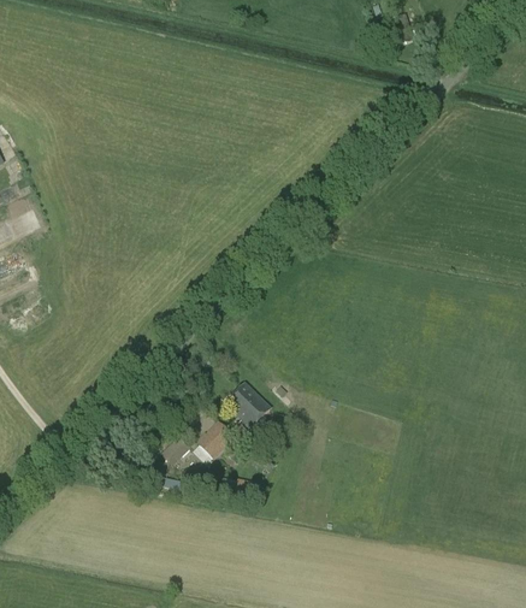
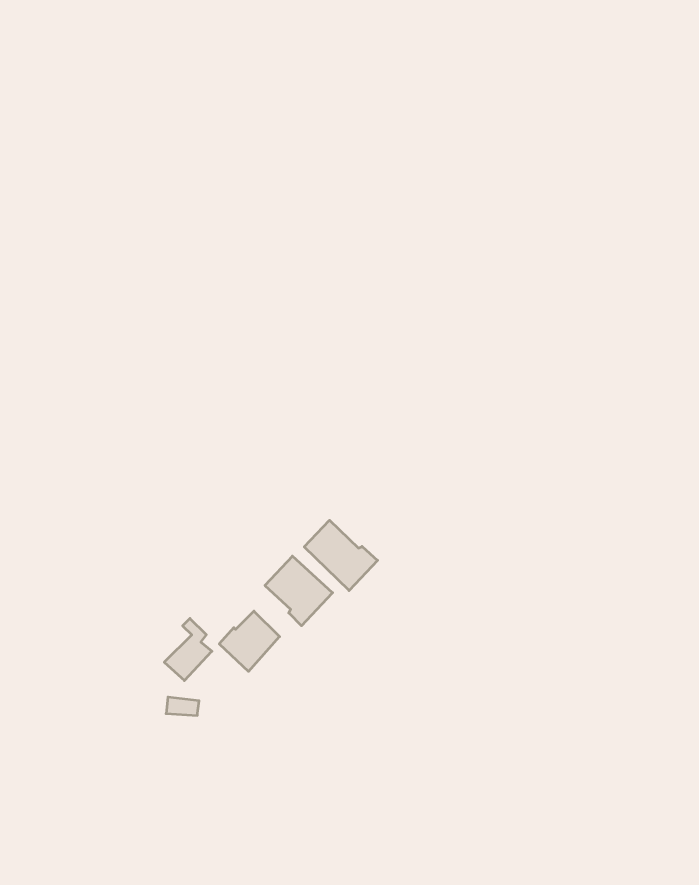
building: none -> [304,520,378,591]

